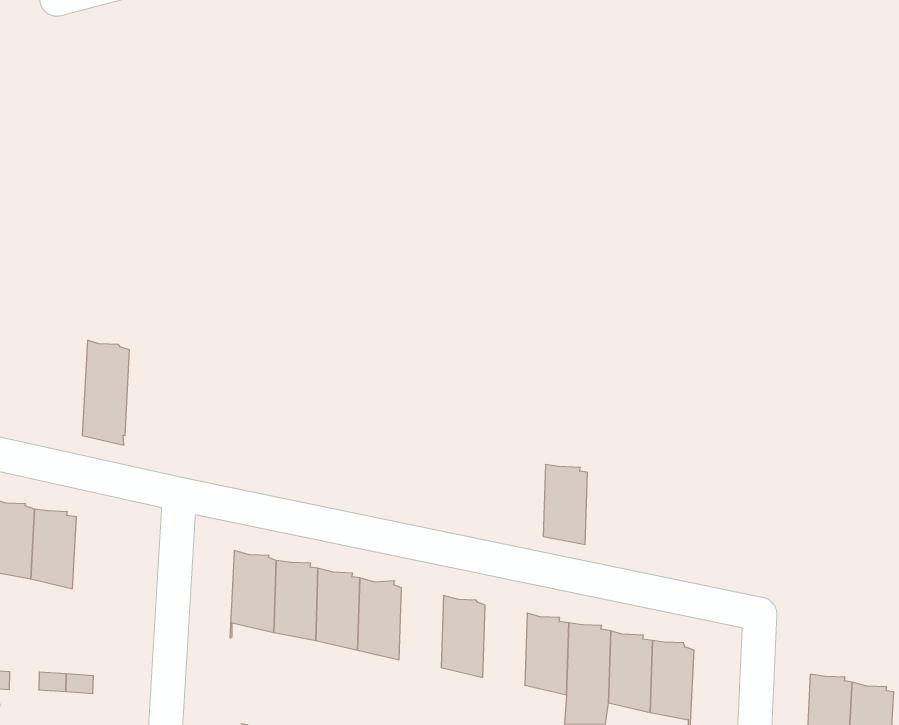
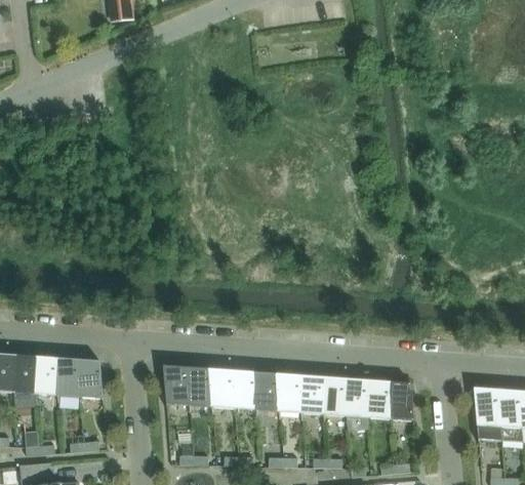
building: [82,340,129,445] -> [78,359,105,411]
building: [543,464,587,544] -> [298,374,325,414]
building: none -> [253,371,280,411]

